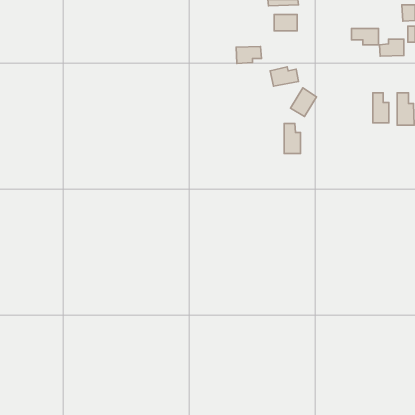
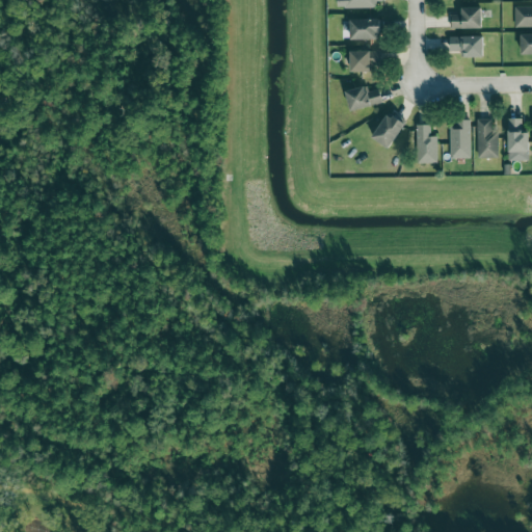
building: [380,39,404,56] -> [450,7,481,29]
building: [236,46,261,63] -> [349,50,381,72]
building: none -> [448,122,470,159]
building: [284,123,300,154] -> [416,125,436,163]

